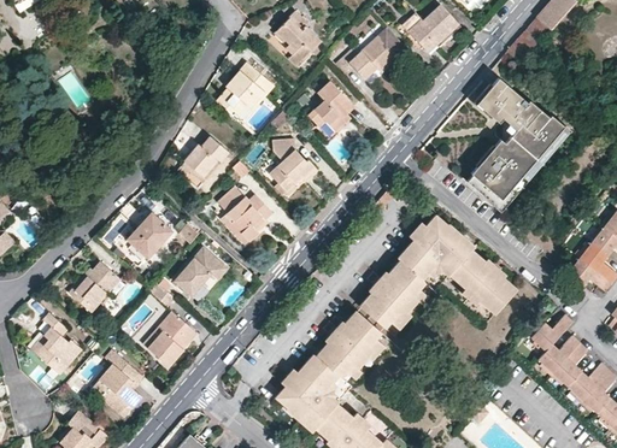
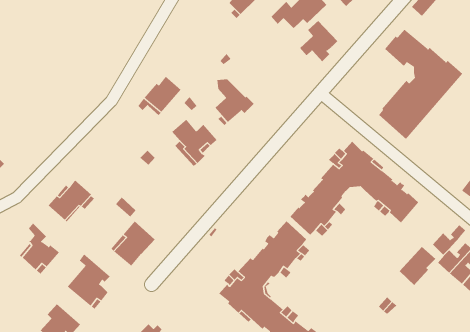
building: [217,61,274,122] -> none
building: [307,81,354,131] -> [299,20,338,62]
building: [128,212,171,257] -> none
building: [172,246,227,295] -> none
building: none -> [399,246,436,286]

